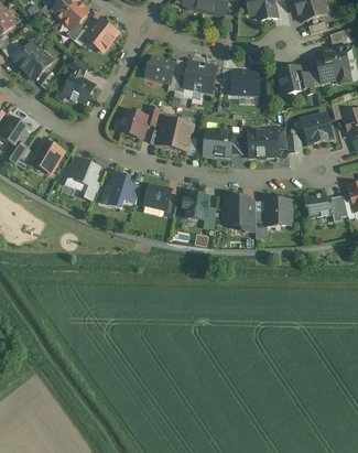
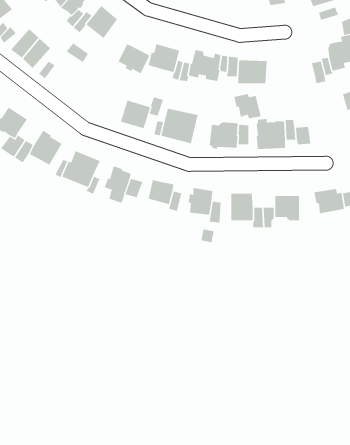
building: [278,67,304,91] -> [233,93,261,119]
building: [63,73,94,103] -> [118,43,150,74]
building: [301,111,332,144] -> none

